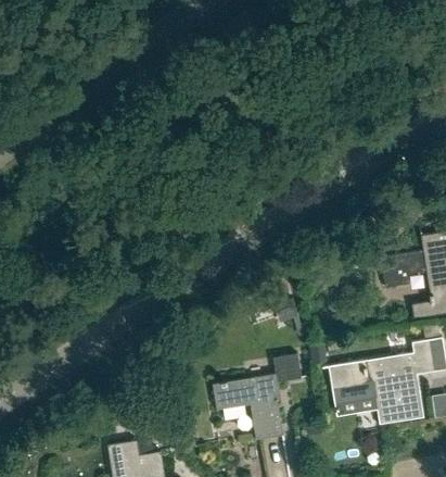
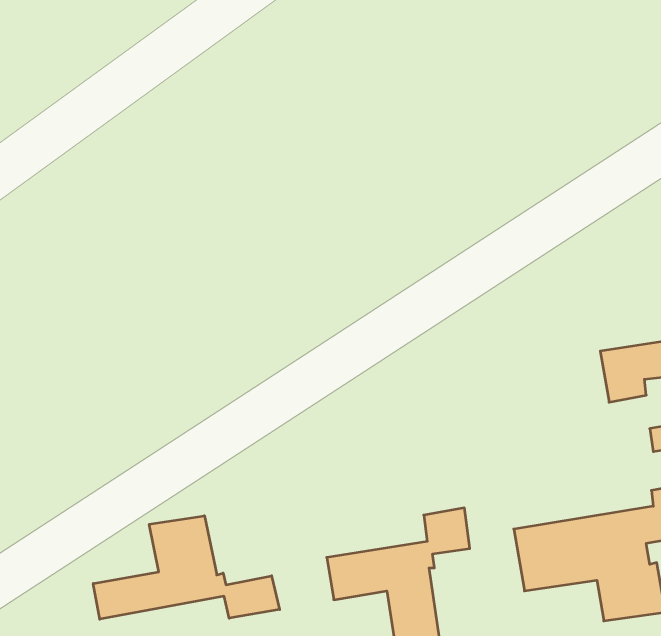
building: none -> [93,516,280,619]

